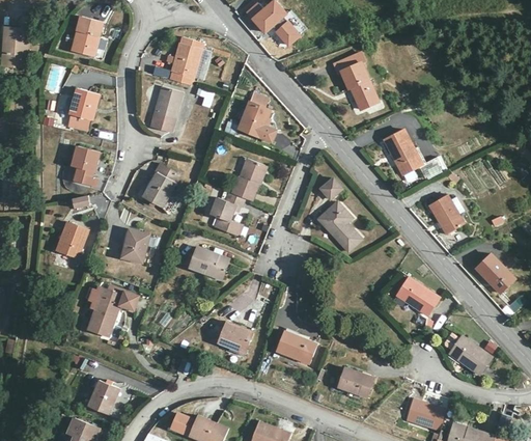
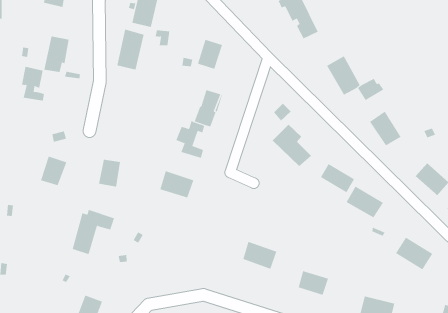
building: [73,145,99,186] -> [21,66,45,101]
building: [142,164,178,206] -> none
building: none -> [320,163,355,193]
building: [218,321,253,352] -> none

